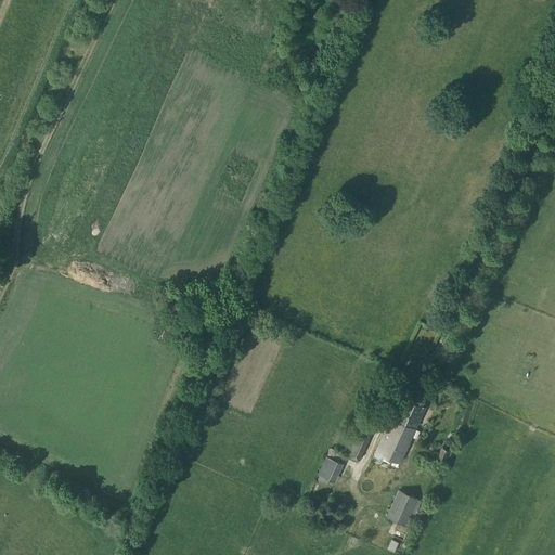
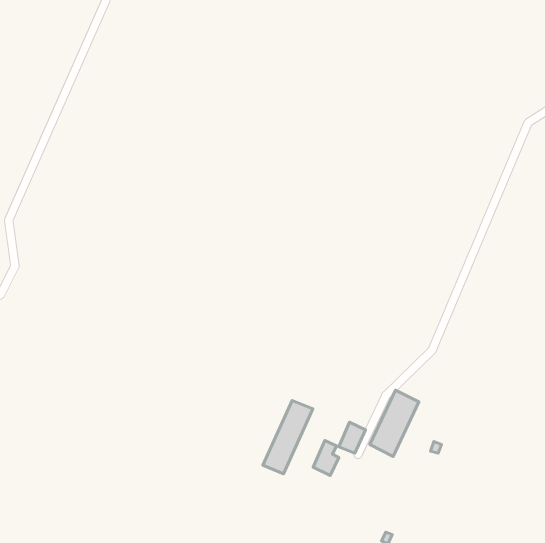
building: none -> [263,400,313,474]
building: [387,493,418,529] -> none

